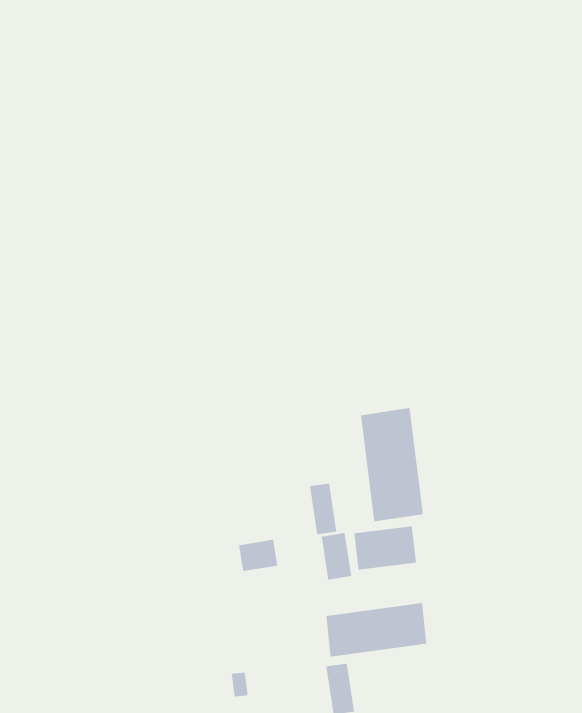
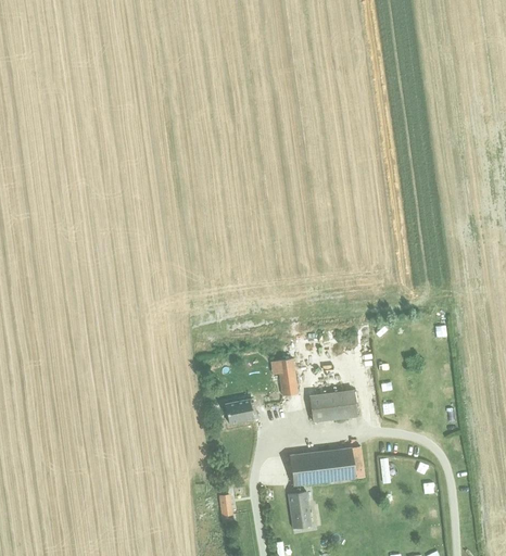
building: [360,407,423,522] -> none
building: [321,532,352,581] -> none

